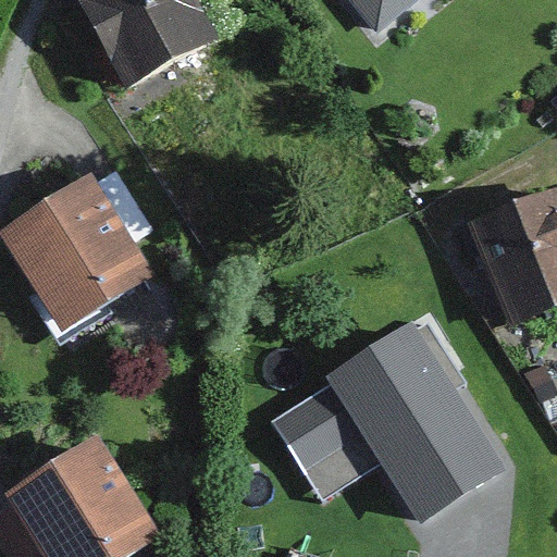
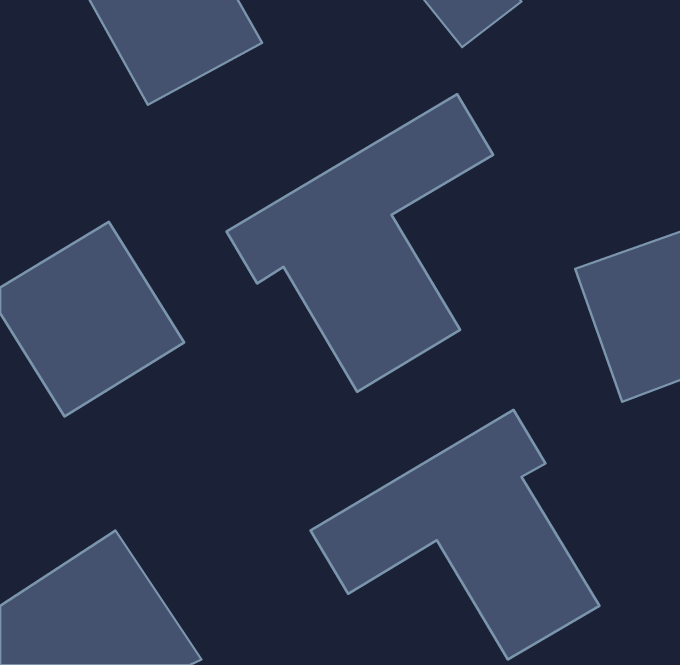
building: none -> [226,94,493,392]

